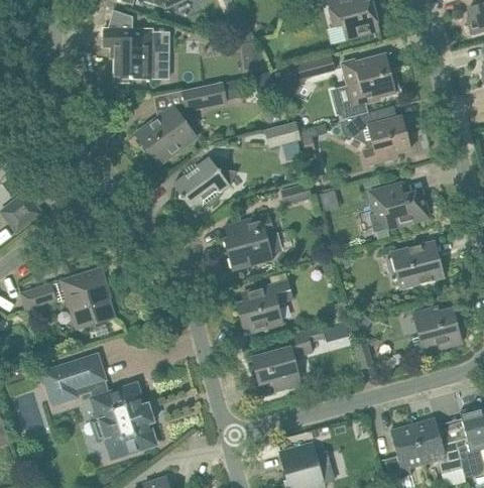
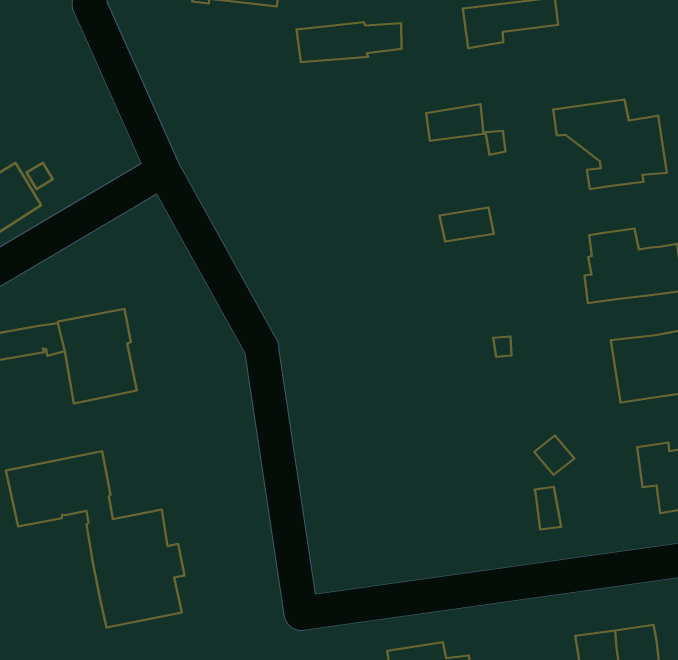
building: [329,57,398,120] -> none
building: [135,106,196,164] -> none
building: [172,157,230,213] -> none
building: [223,214,273,270] -> none
building: [236,279,292,334] -> none
building: [251,328,324,384] -> none

